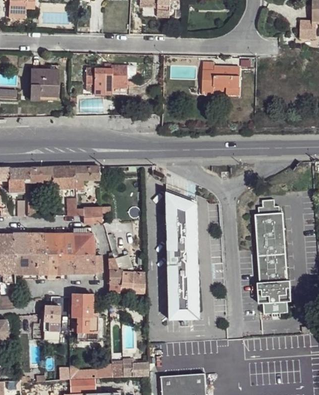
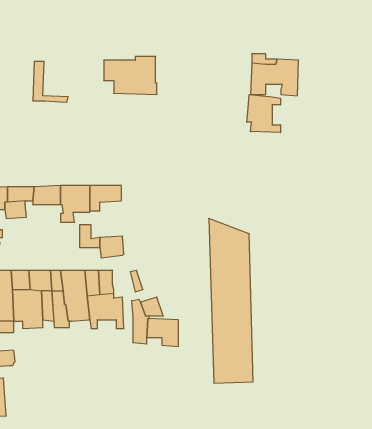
building: [37,68,57,96] -> none
building: none -> [247,95,280,133]
building: [254,199,291,314] -> none
building: [71,293,96,339] -> none
building: [42,304,59,331] -> none

